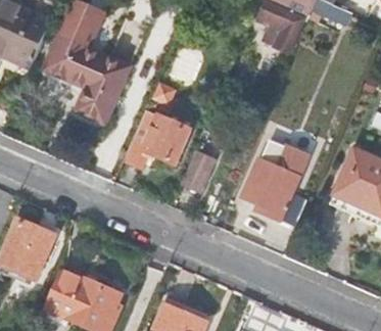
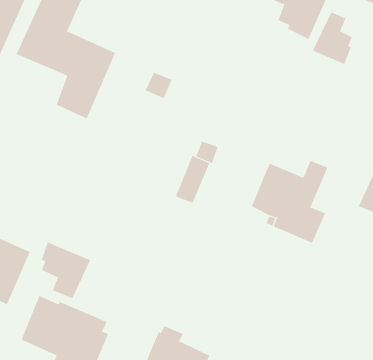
building: none -> [312,12,353,65]
building: [123,109,191,170] -> none
building: none -> [41,242,91,299]

